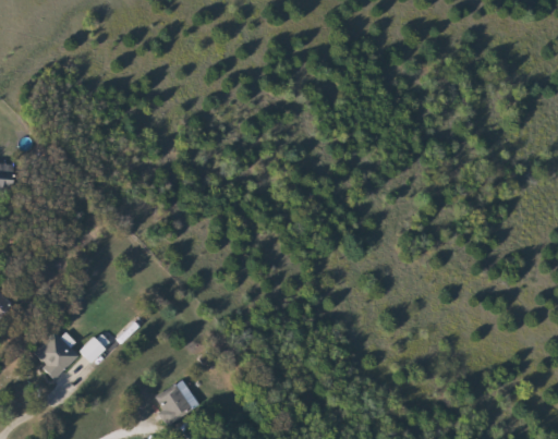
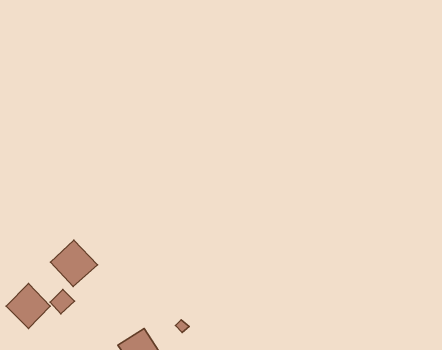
building: none -> [50,240,98,286]

